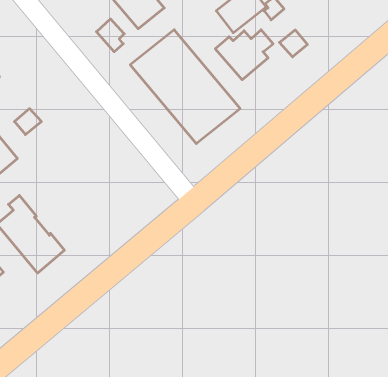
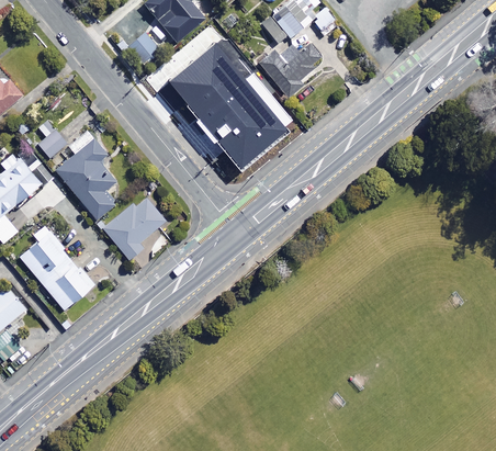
building: [279,30,307,57] -> none
building: none -> [56,138,114,218]
building: none -> [103,192,168,259]

